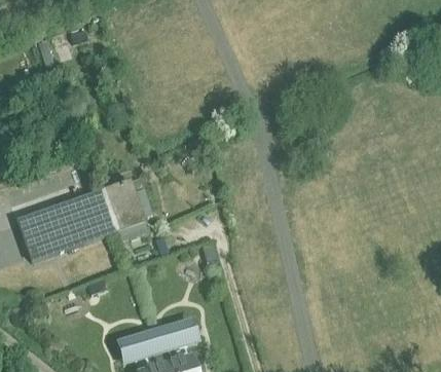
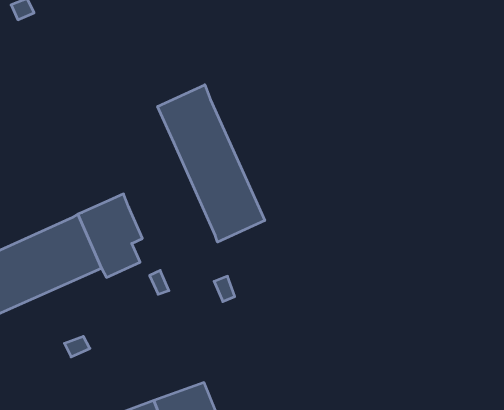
building: none -> [158,85,265,242]

